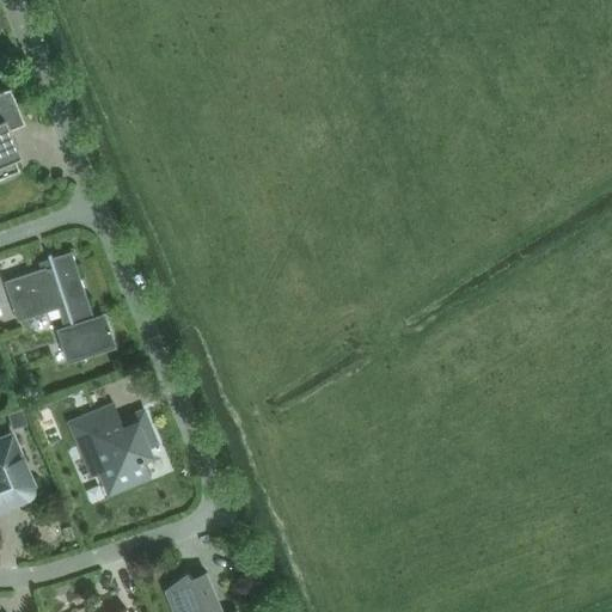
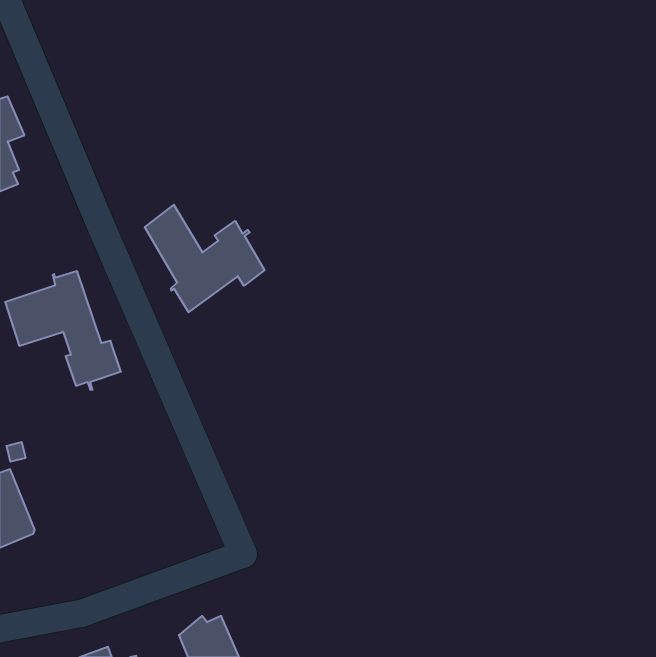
building: none -> [145,205,265,312]
building: [71,410,157,494] -> none

